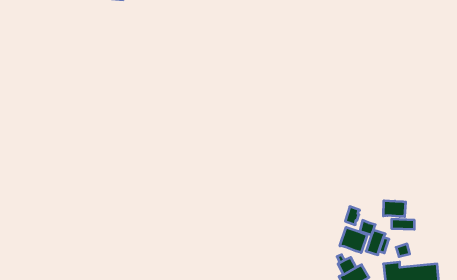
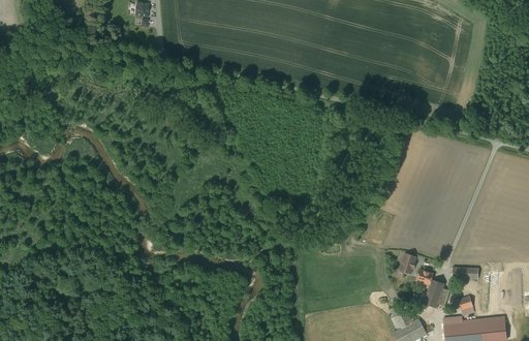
building: [383,201,406,217] -> none
building: [340,227,367,253] -> none

